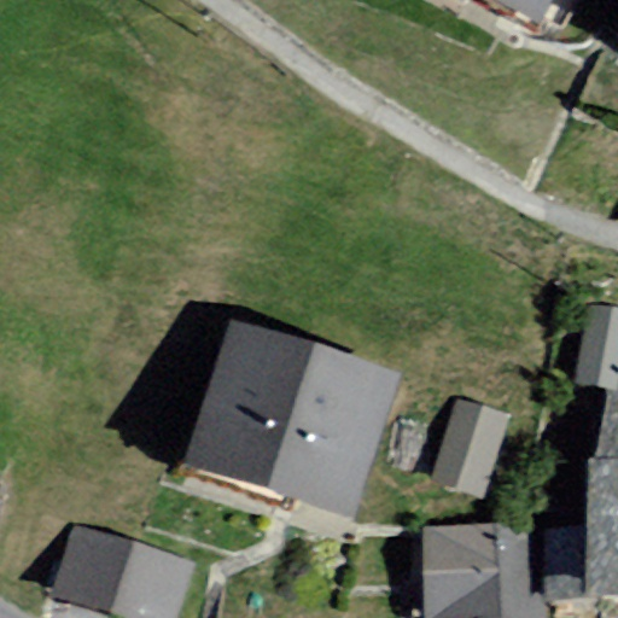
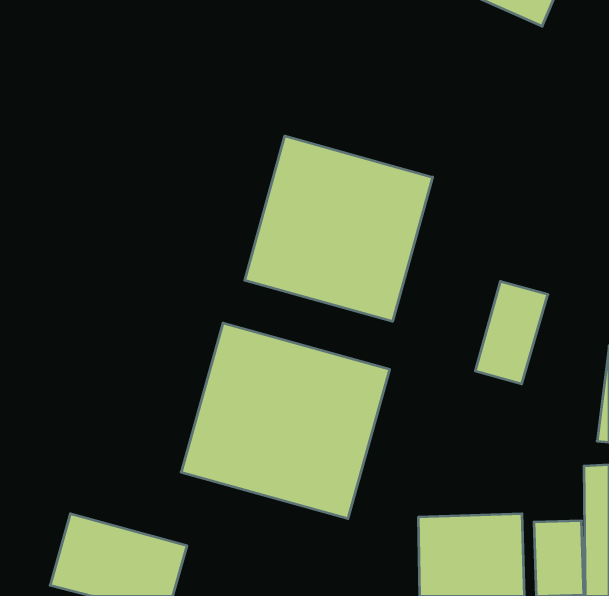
building: none -> [245,136,433,321]
building: [432,393,506,497] -> [475,281,548,384]

